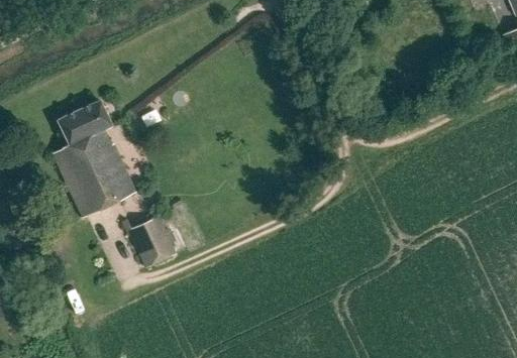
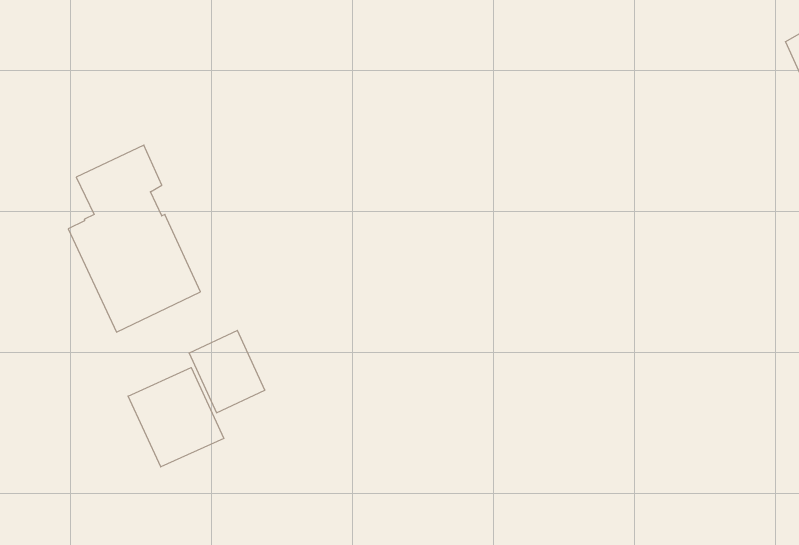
building: none -> [128,368,224,467]

